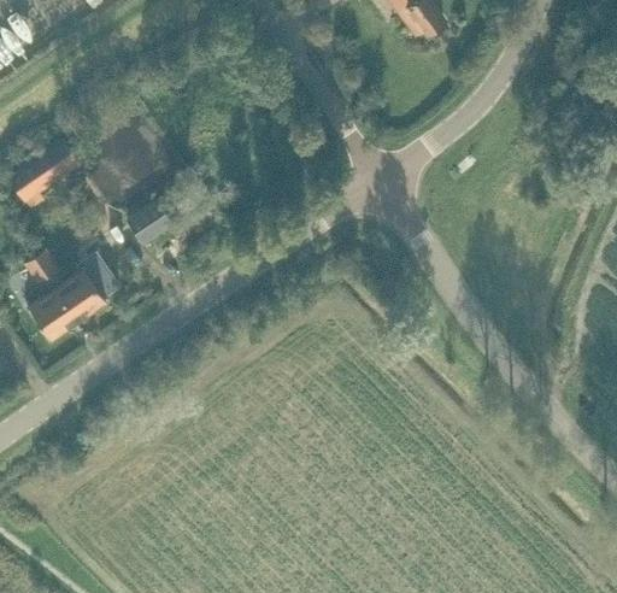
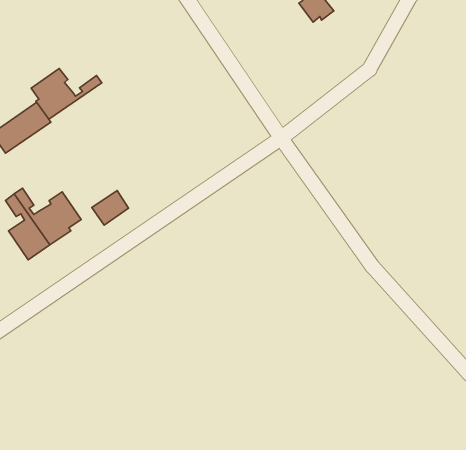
building: none -> [31,68,102,119]
building: [129,198,176,242] -> [92,190,129,225]

